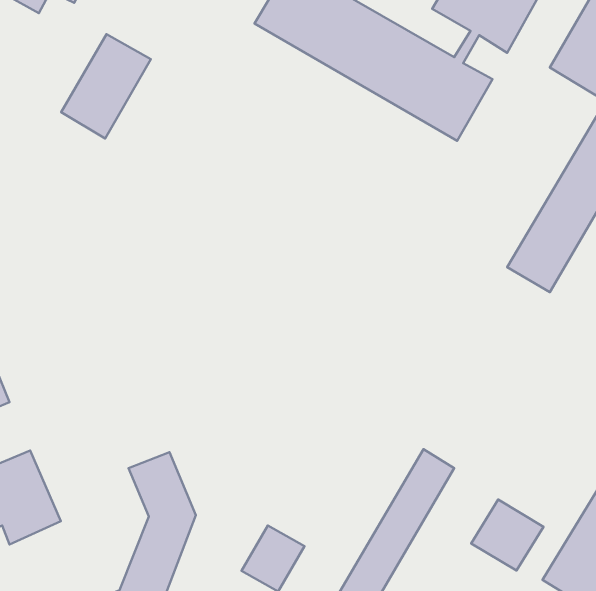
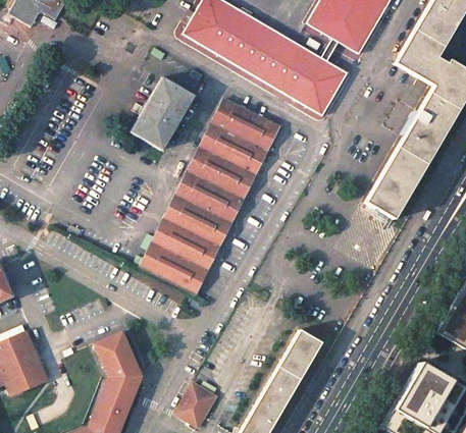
building: [61,34,151,138] -> [133,78,195,151]
building: none -> [142,99,281,294]
building: [471,500,544,571] -> none

